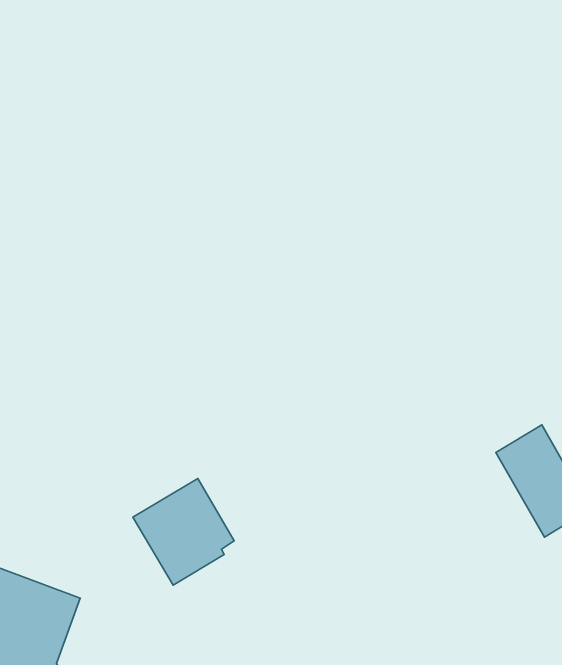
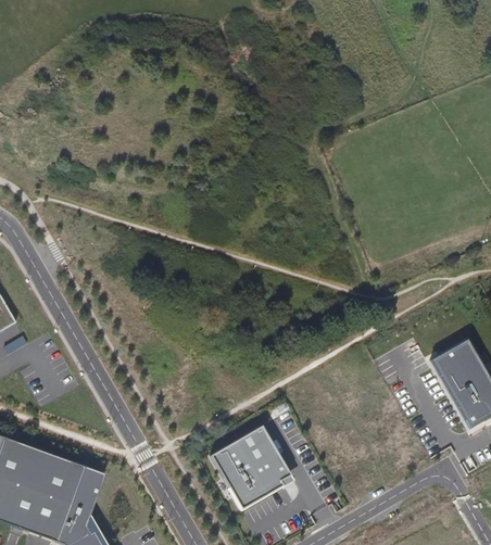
building: [133,478,234,585] -> [211,424,290,508]

